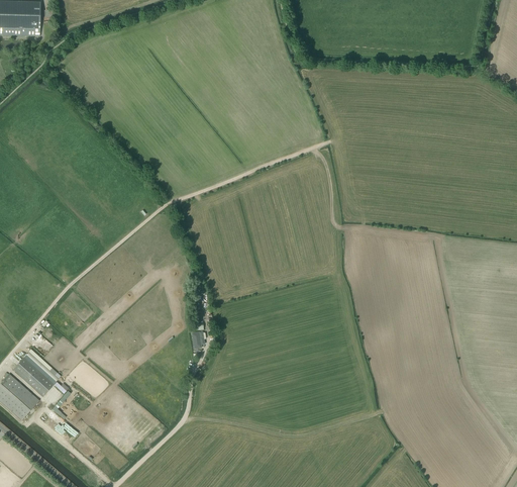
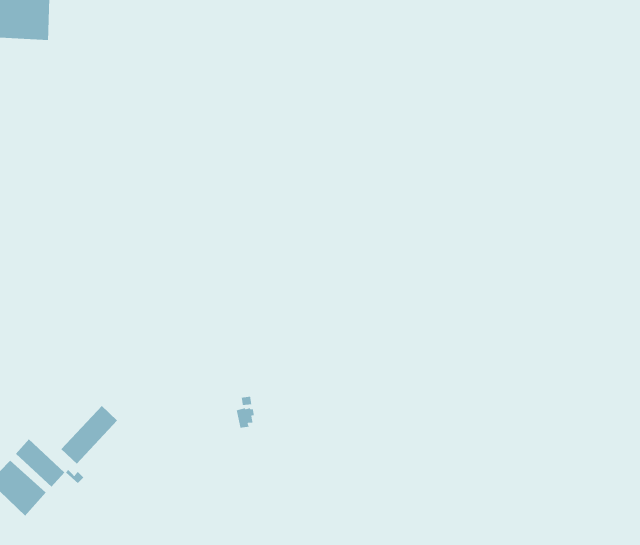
building: none -> [61,405,118,464]

